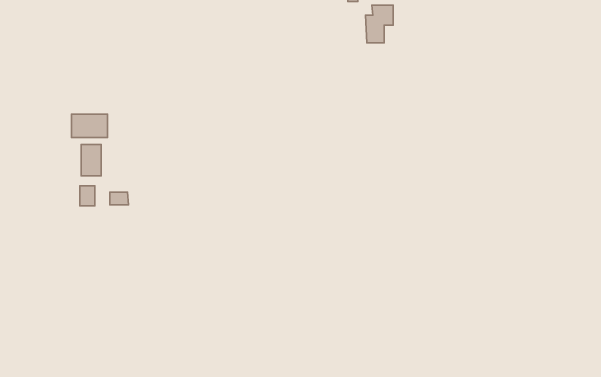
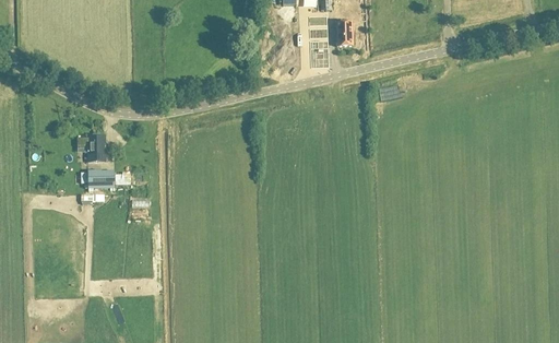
building: [71,114,108,137] -> none

